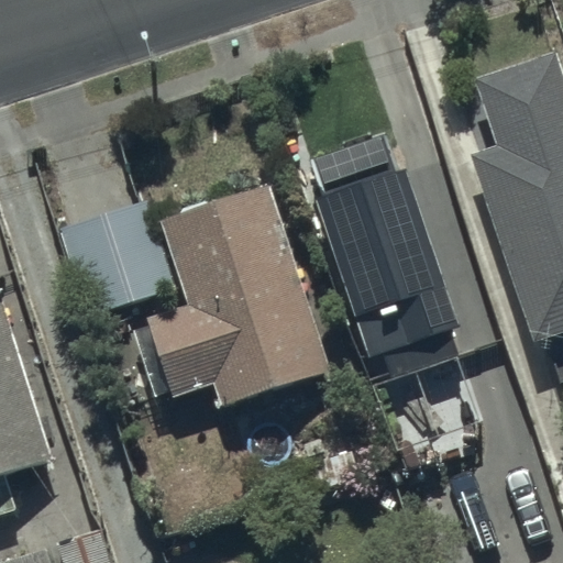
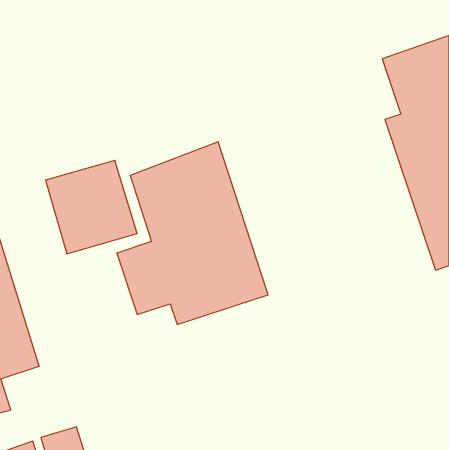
building: [301,135,460,374] -> none

